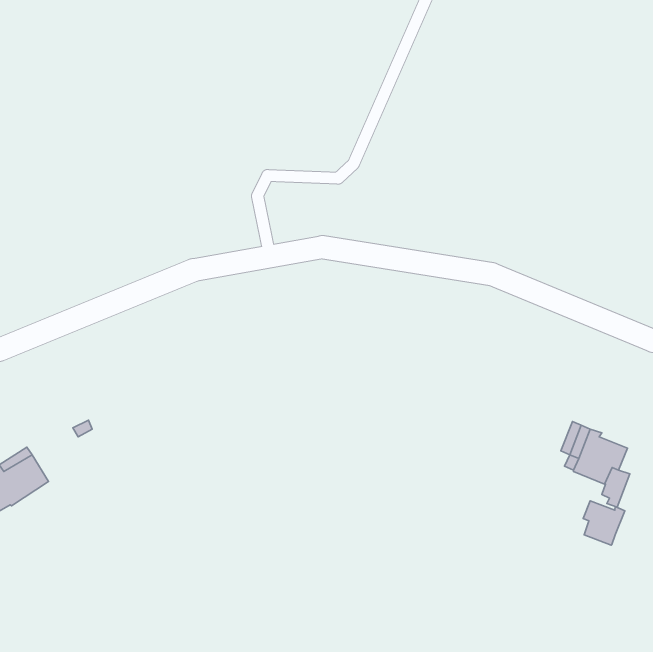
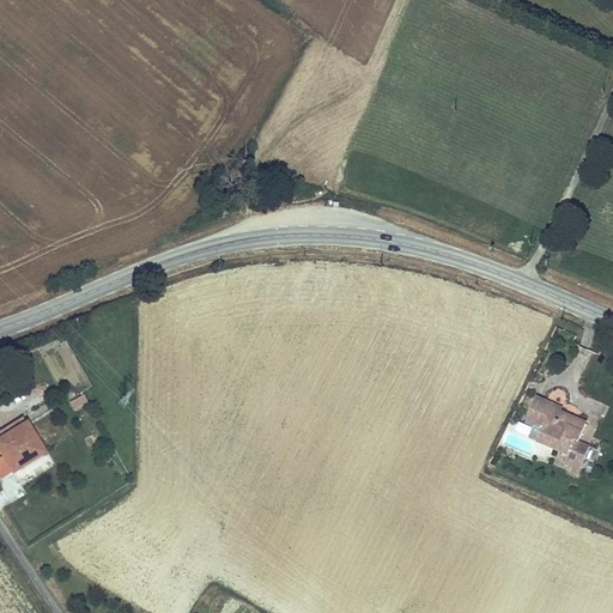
building: [583,501,625,545] -> none

